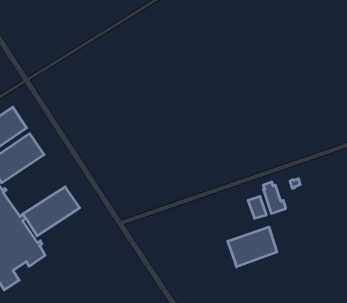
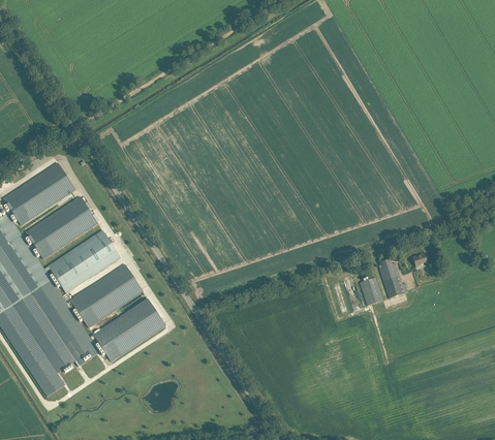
building: none -> [47,229,120,293]
building: none -> [92,297,164,362]
building: [228,227,277,267] -> none

